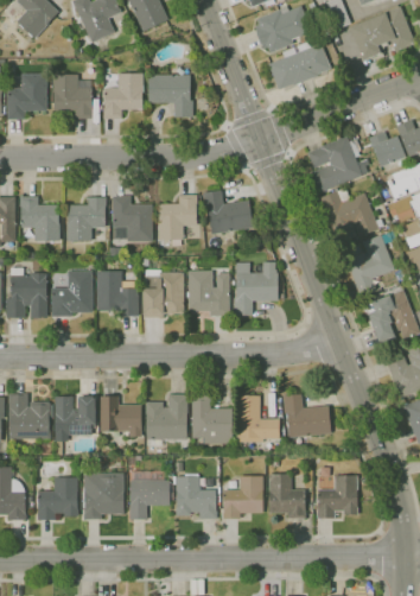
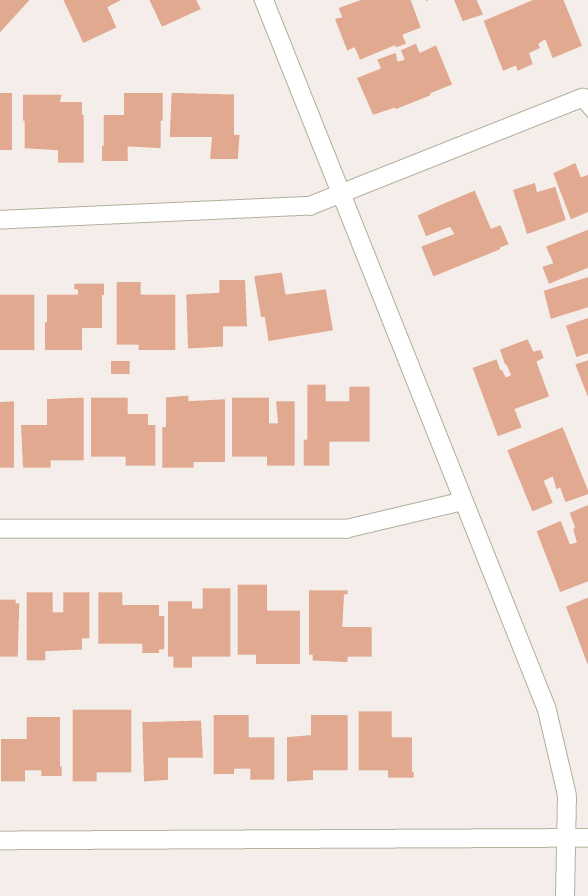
building: [320,188,375,246] -> none
building: [282,394,331,438] -> none
building: [318,476,357,518] -> none

